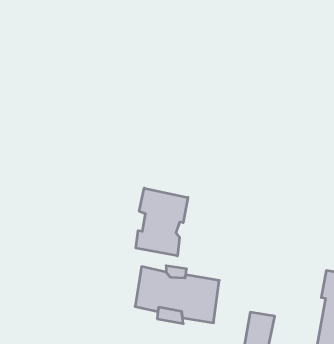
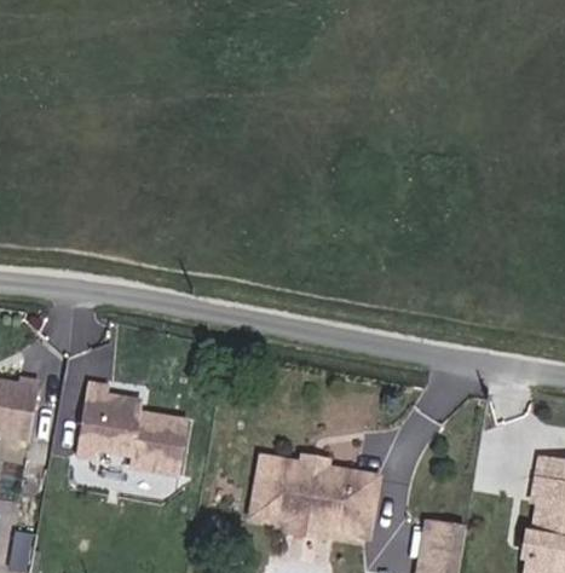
building: [136,188,188,256] -> none
building: none -> [71,390,184,482]

